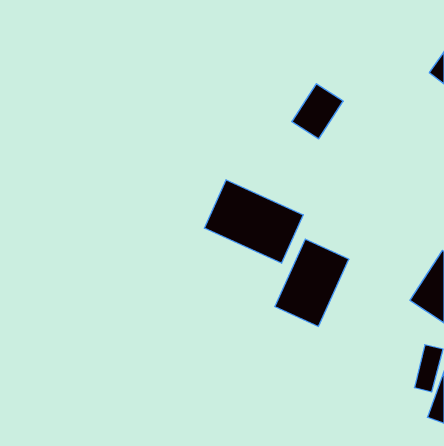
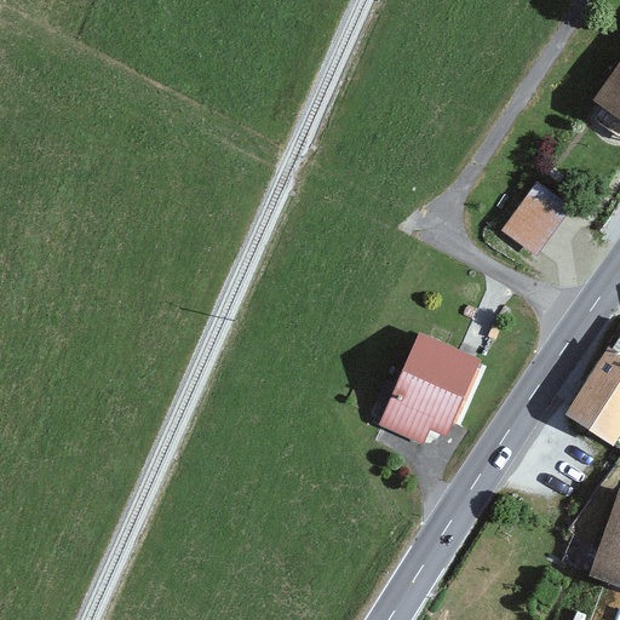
building: [292,84,343,139] -> [500,176,572,252]
building: [204,180,303,263] -> none

